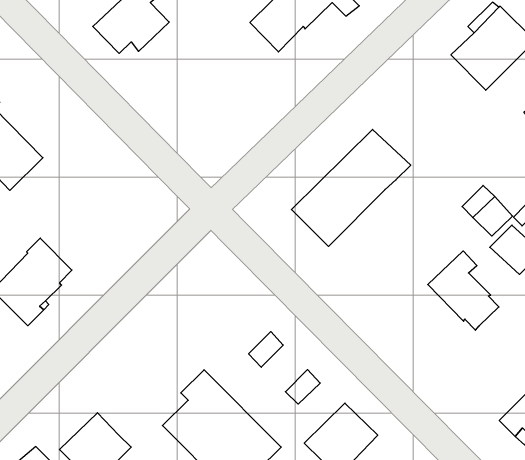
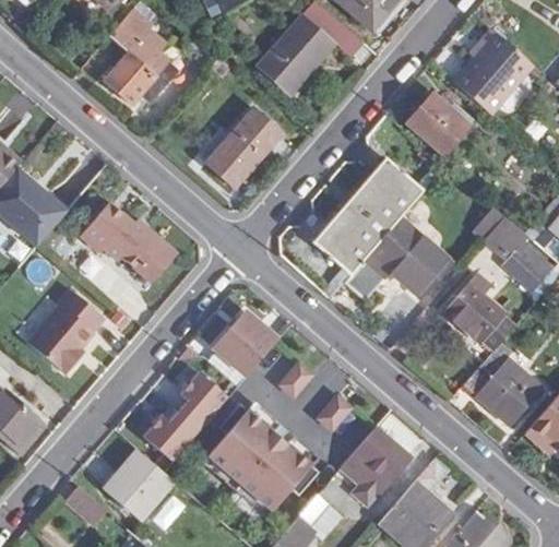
building: none -> [405,94,467,155]
building: none -> [206,108,281,187]
building: none -> [82,201,178,282]
building: none -> [343,216,451,299]
building: none -> [214,310,277,374]
building: none -> [461,341,542,424]
building: none -> [141,370,228,461]

